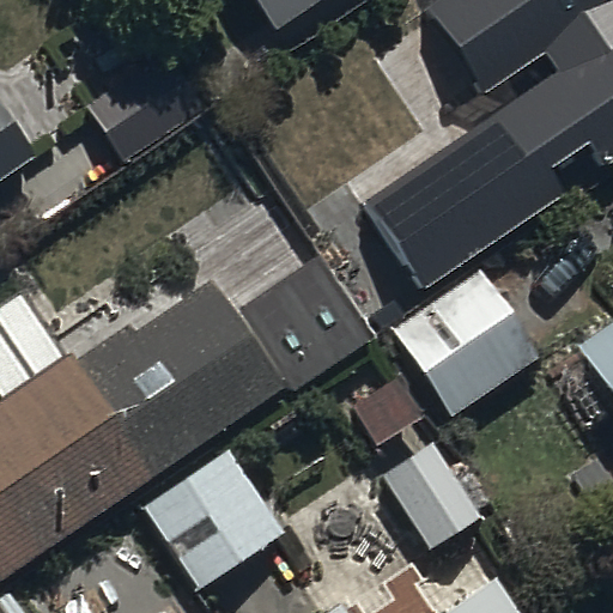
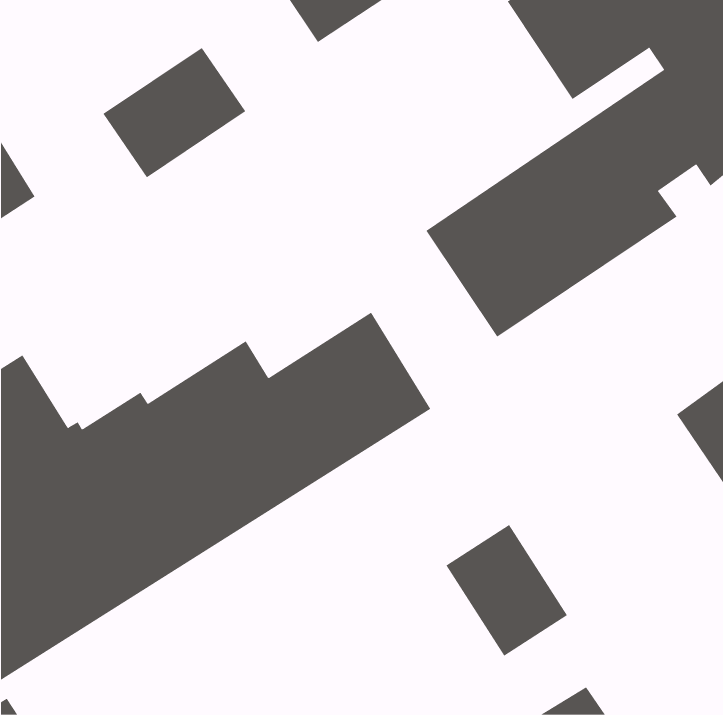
building: [389,271,534,417] -> none
building: [139,447,285,594] -> none

